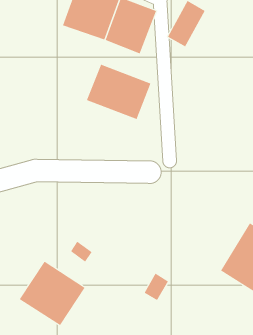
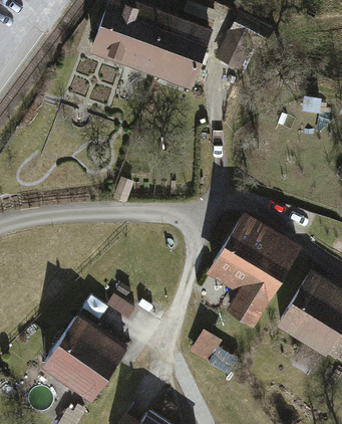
building: [86,64,151,120] -> none
building: none -> [208,217,299,328]

